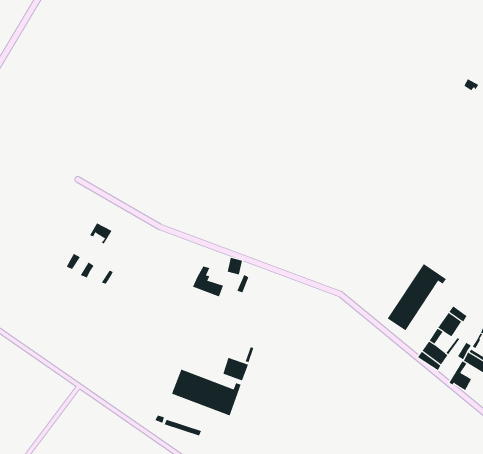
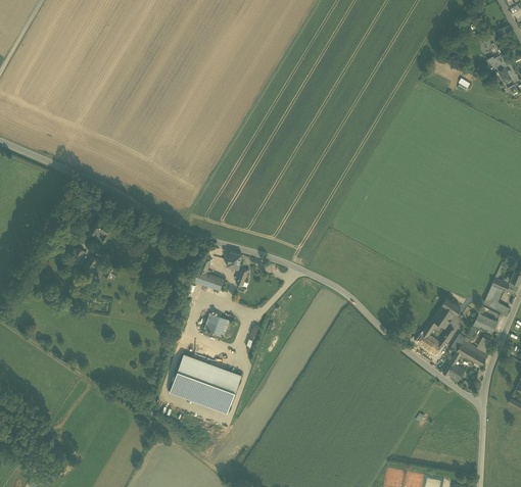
building: [387,263,447,331] -> none
building: [222,357,249,381] -> [205,312,231,336]

